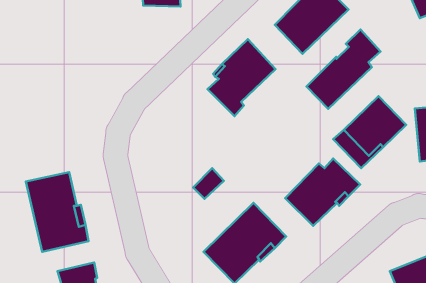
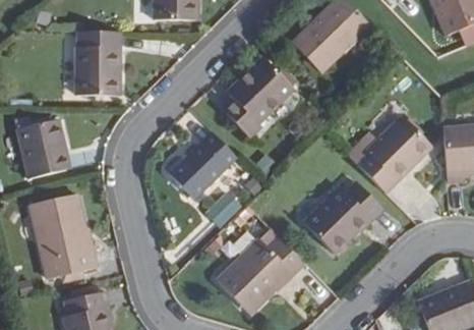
building: none -> [74,32,119,96]
building: [306,30,380,109] -> none
building: none -> [16,117,67,178]
building: none -> [166,130,236,198]

